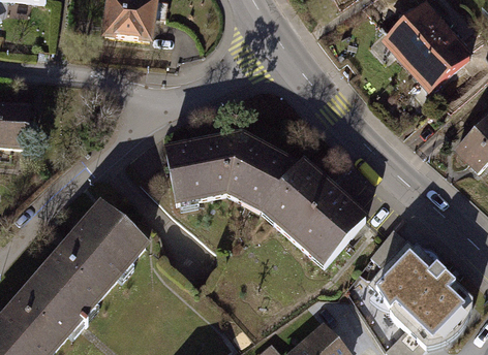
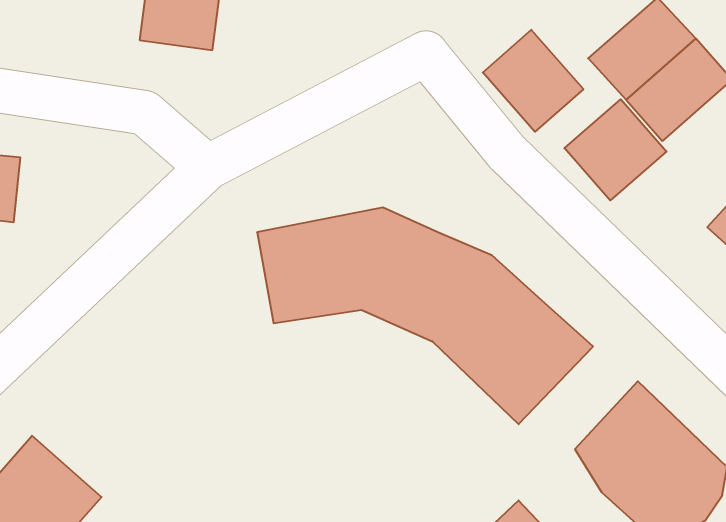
building: none -> [483,30,583,132]
building: none -> [564,99,667,200]
building: [32,204,141,316] -> none

